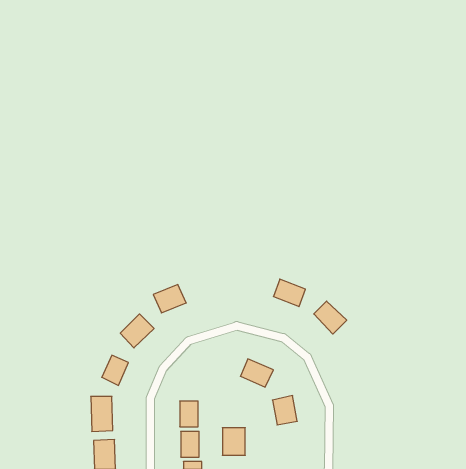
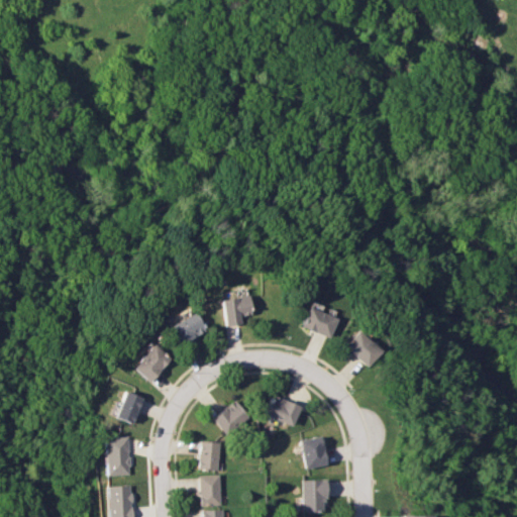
building: none -> [223,296,253,326]
building: none -> [215,401,251,435]
building: [222,428,245,455] -> [305,480,330,510]

